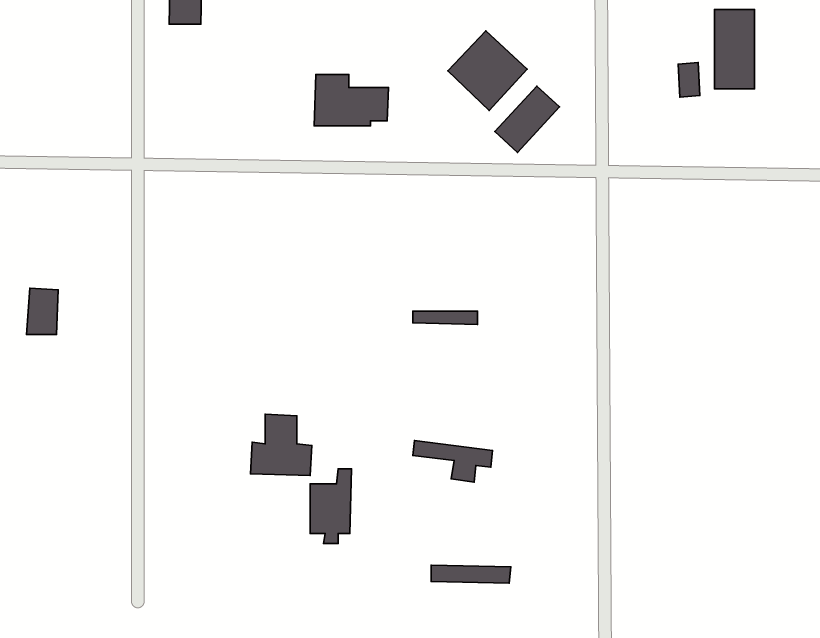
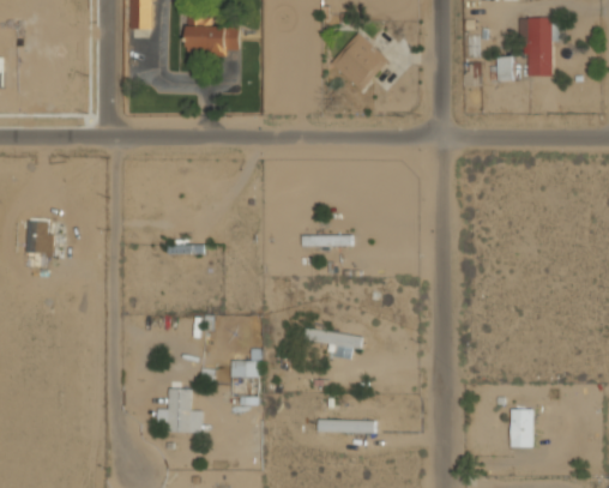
building: [314,74,389,126] -> [186,17,240,54]
building: [495,86,560,152] -> none
building: [250,414,312,475] -> [157,388,201,433]
building: none -> [509,410,532,447]

